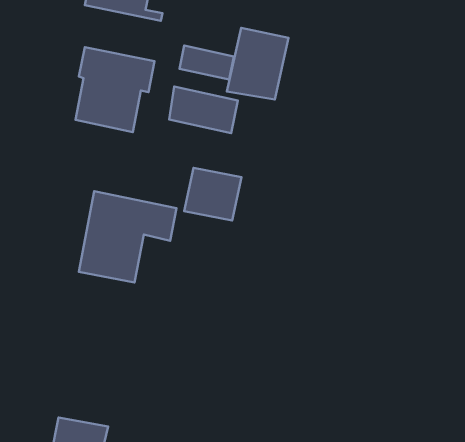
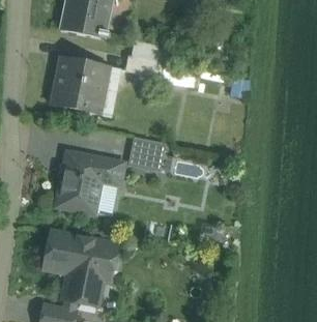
building: [227,28,288,100] -> none
building: [169,87,238,133] -> none
building: none -> [45,231,118,304]

